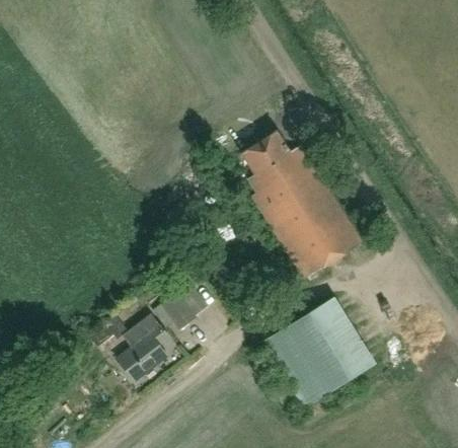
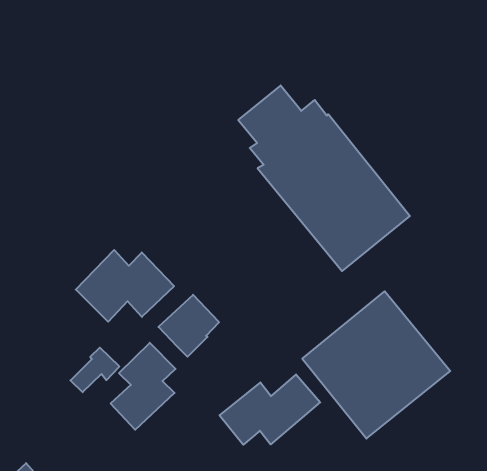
building: none -> [76,250,174,322]
building: none -> [220,374,320,445]

